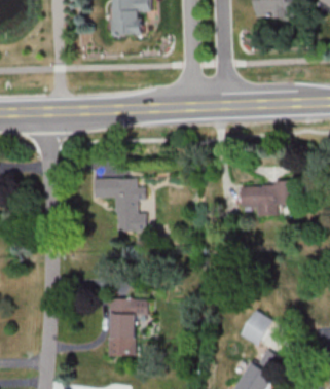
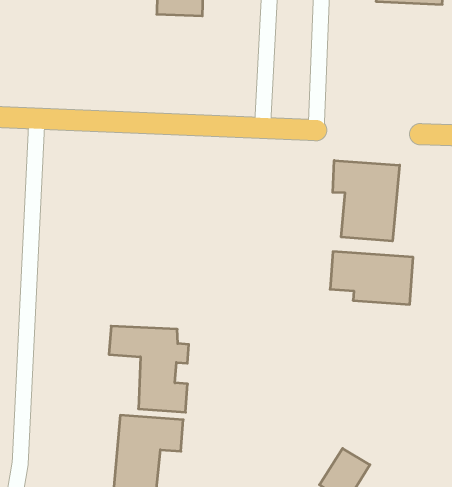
building: none -> [333,160,400,241]
building: [93,177,145,231] -> [109,326,189,412]

